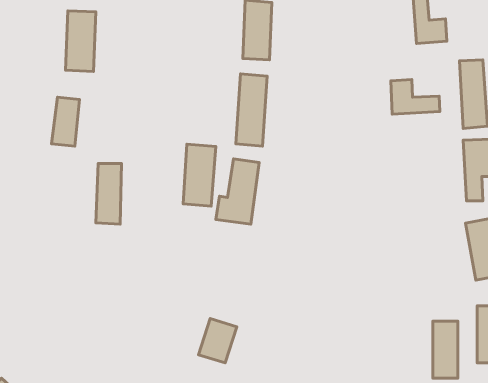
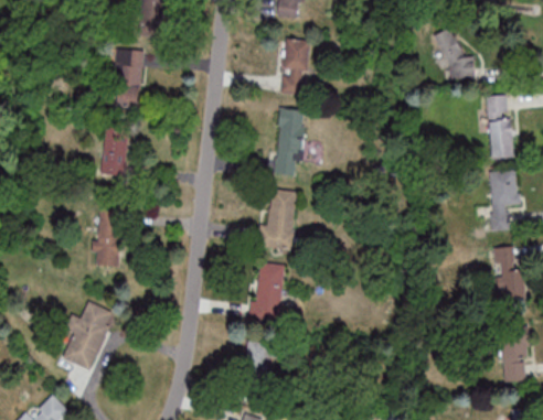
building: [391,79,440,114] -> none
building: [183,144,216,206] -> [253,261,284,320]
building: [96,163,121,224] -> [96,208,120,266]
building: none -> [63,301,114,369]
building: [433,321,458,378] -> none

